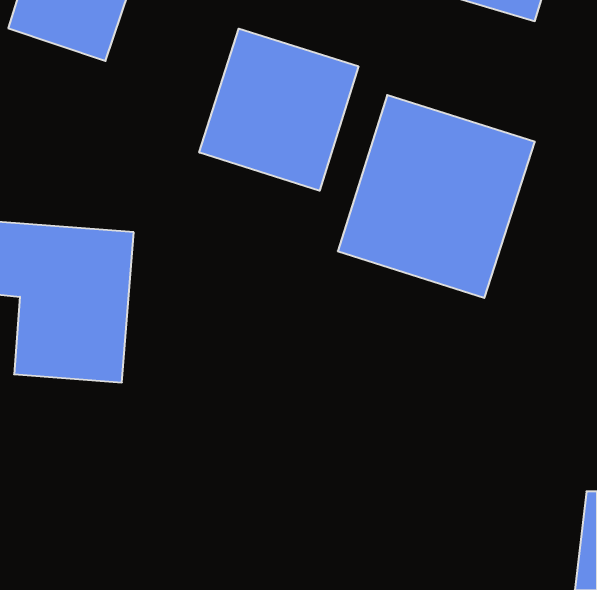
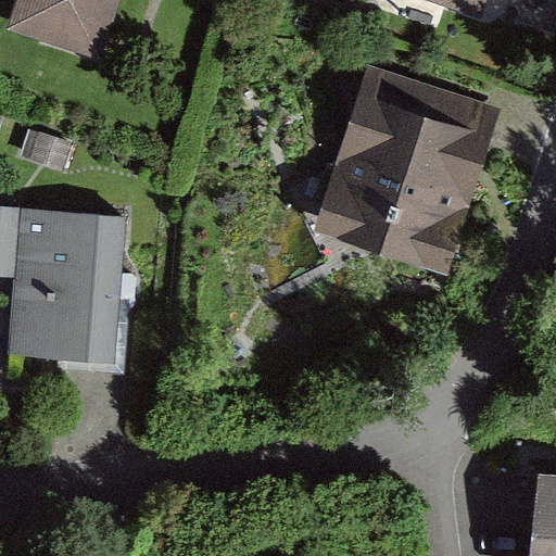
building: [199,29,358,191] -> none

